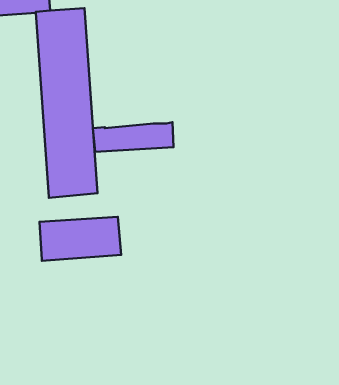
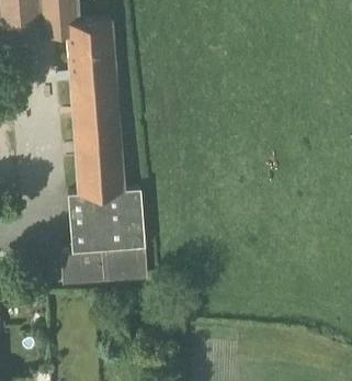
building: [93,122,174,152] -> [67,188,141,215]
building: none -> [59,246,147,283]

